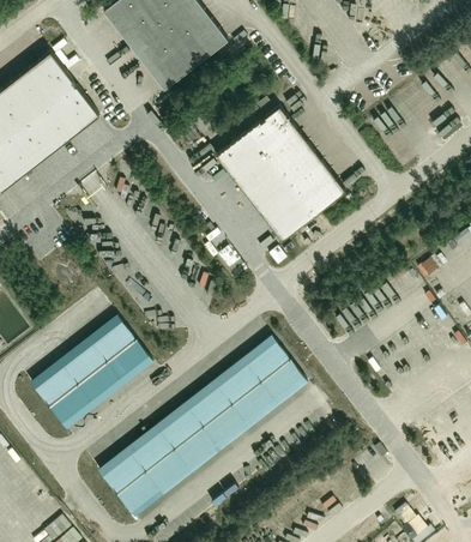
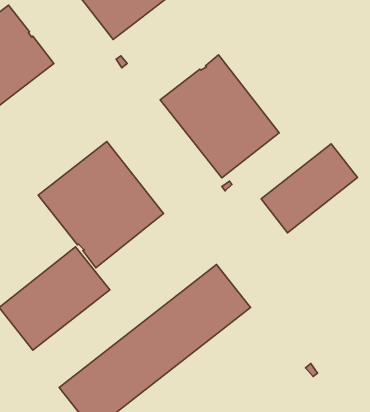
building: none -> [38,142,163,268]
building: none -> [261,144,357,233]

